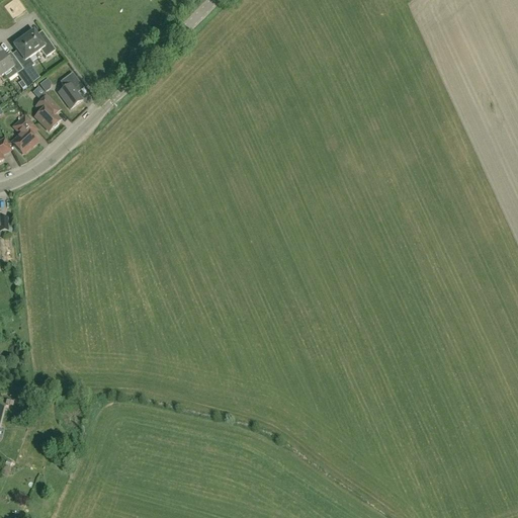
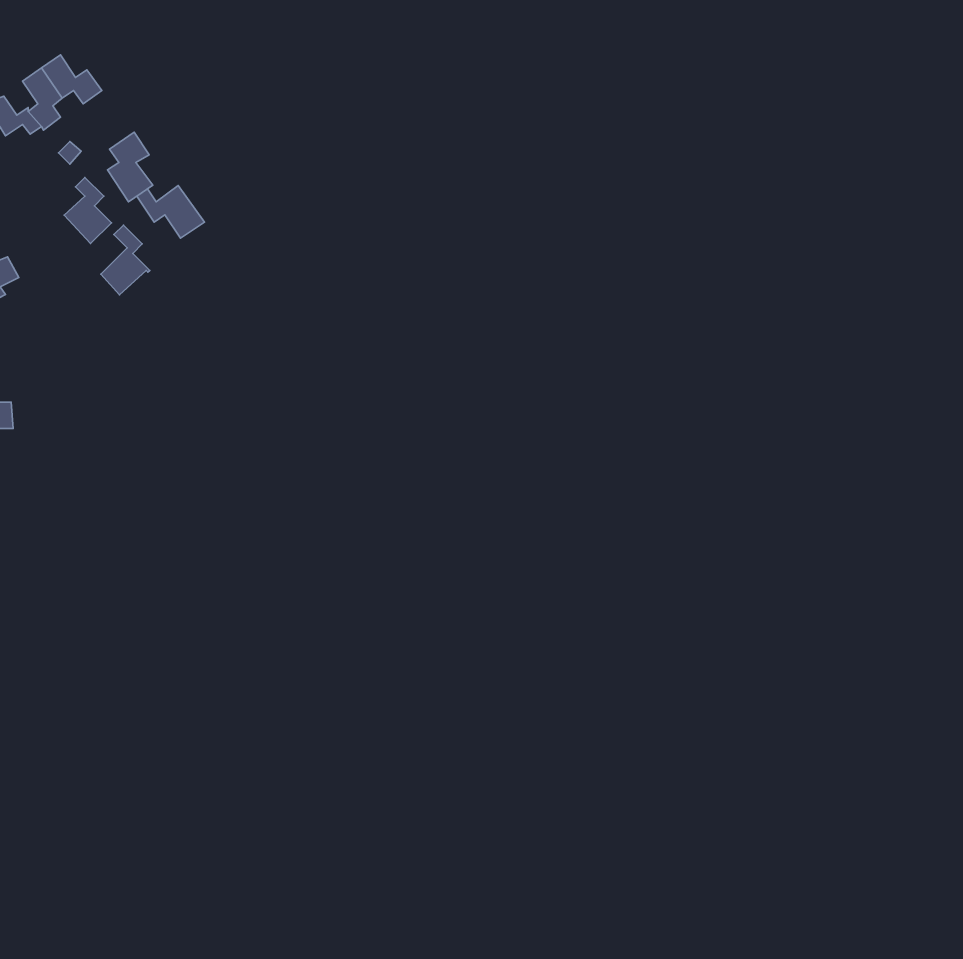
building: none -> [137,185,204,238]
building: [11,115,37,153] -> [101,225,150,295]

